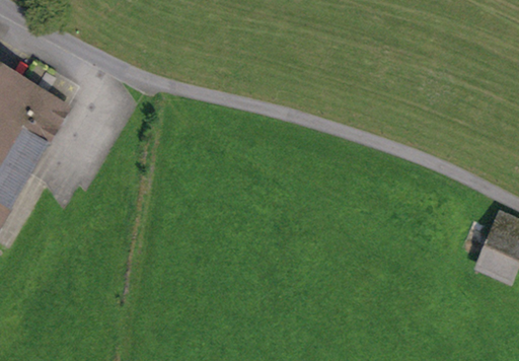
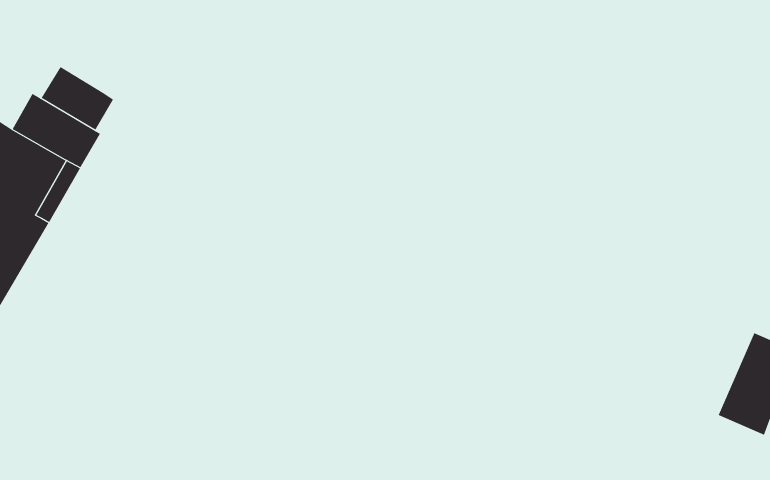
building: none -> [41,66,114,131]

